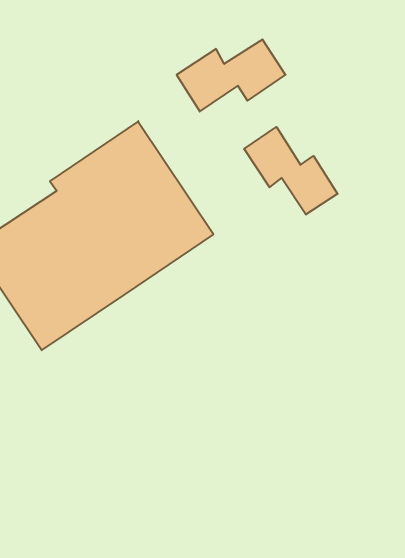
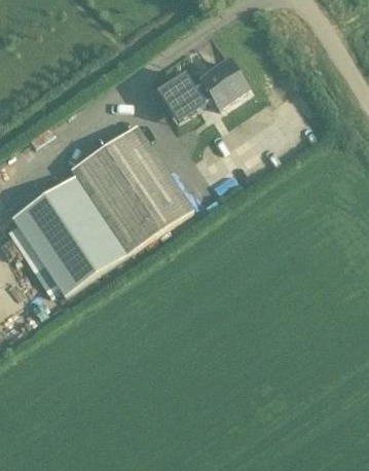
building: [244,127,338,215] -> none

